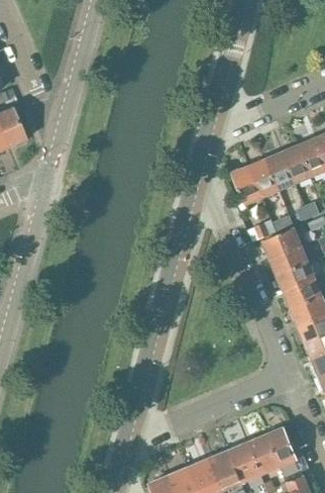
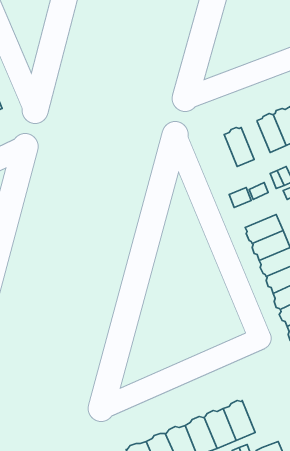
building: [266,152,296,191] -> none
building: [233,166,262,205] -> none
building: [263,228,302,260] -> none
building: [267,427,298,467] -> none

